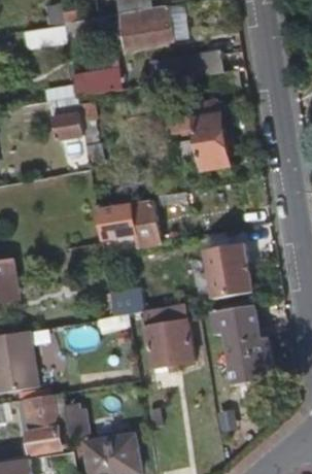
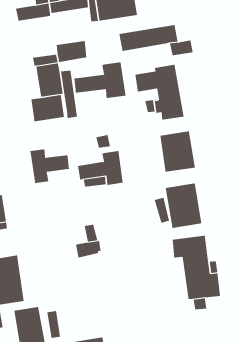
building: none -> [74,62,126,99]
building: none -> [31,94,64,122]
building: none -> [160,130,196,173]
building: none -> [30,148,70,184]
building: [144,302,200,369] -> none

